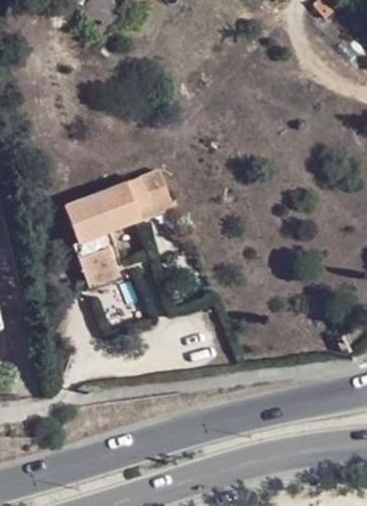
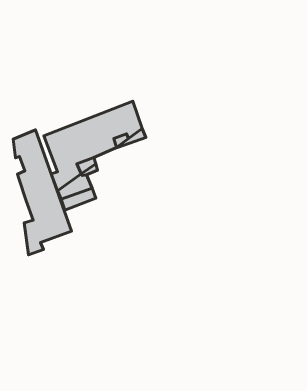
building: none -> [13,130,71,255]

